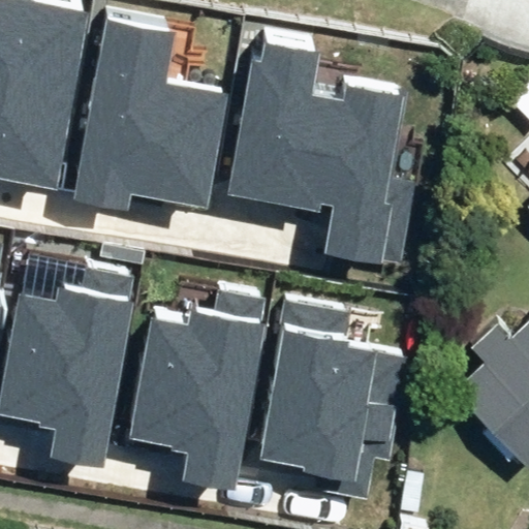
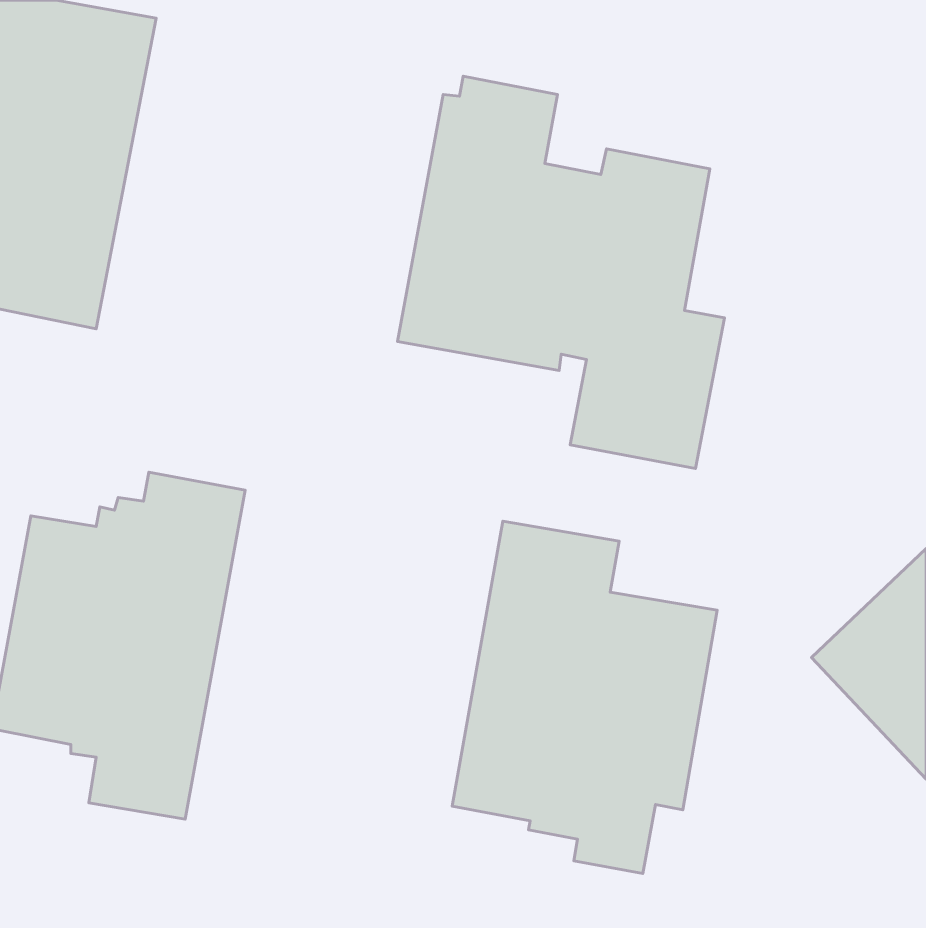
building: [71,15,226,210] -> none
building: [130,286,267,492] -> none

